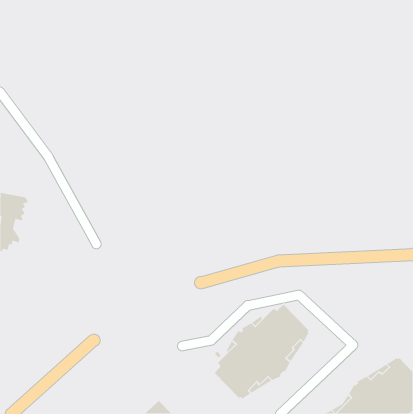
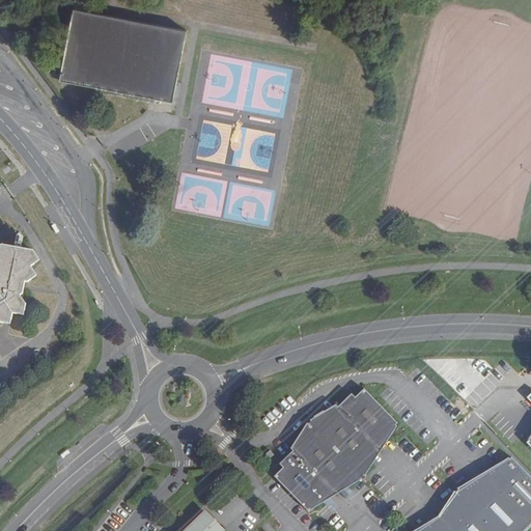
building: none -> [58,8,186,104]

